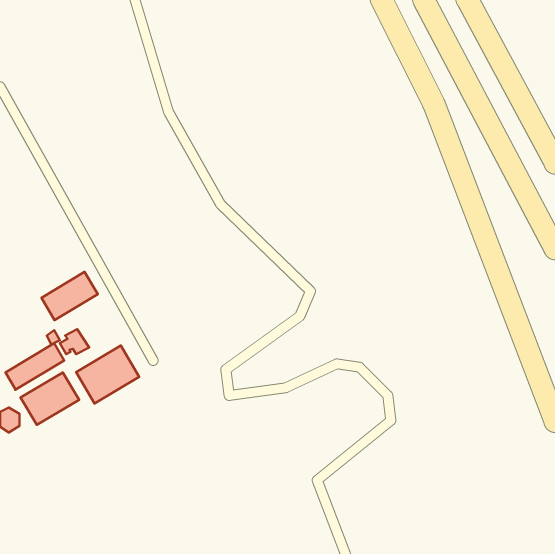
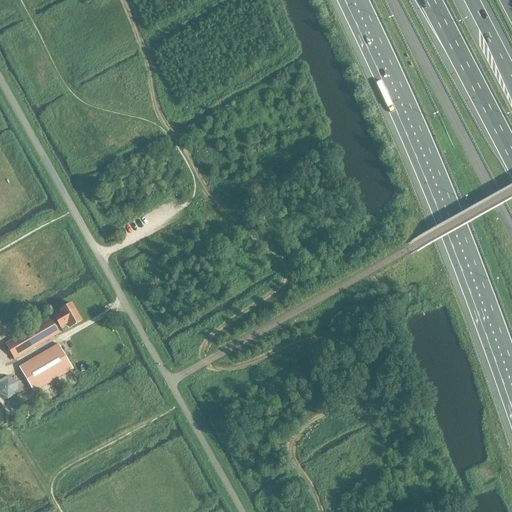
building: [41,272,98,320] -> none
building: [76,345,139,404] -> none

